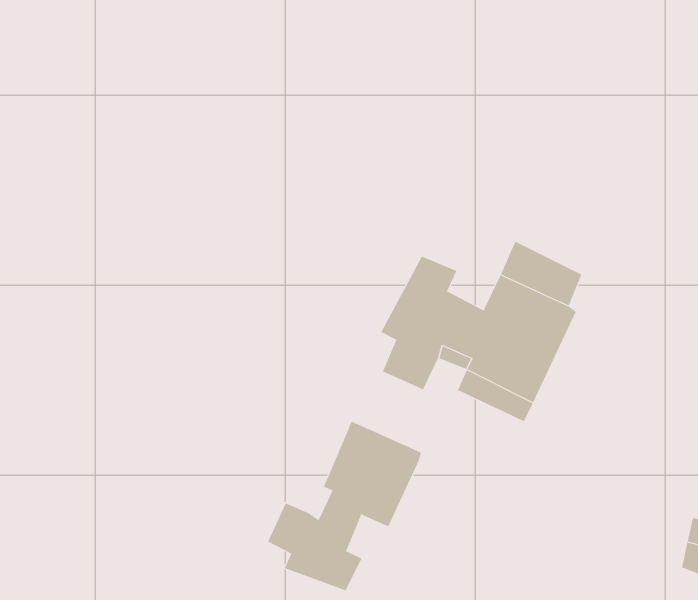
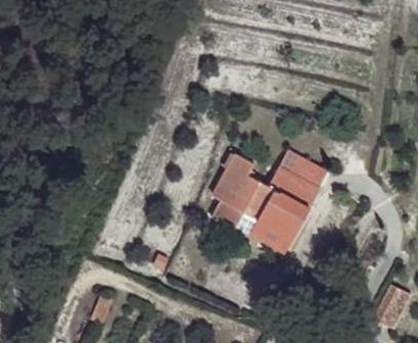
building: [267,421,421,591] -> none

